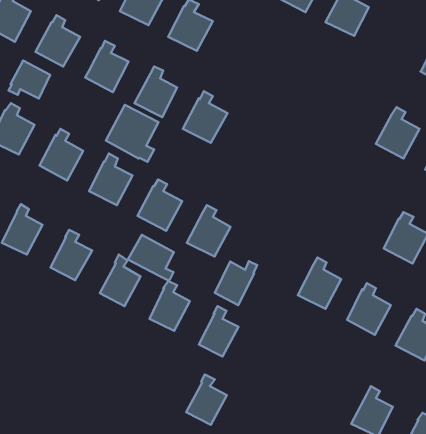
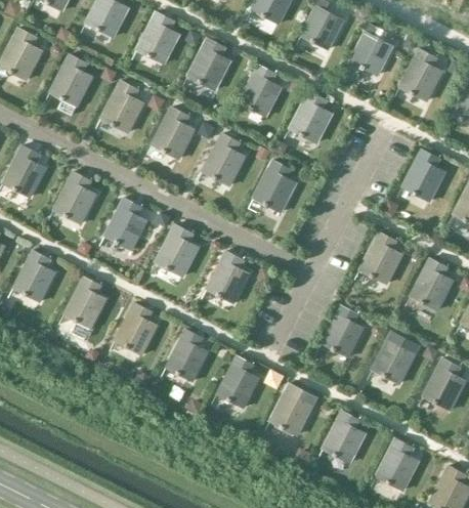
building: none -> [398,48,444,101]
building: none -> [238,64,284,117]
building: none -> [289,90,335,143]
building: [9,60,50,99] -> none
building: [106,105,159,162] -> none
building: none -> [252,160,298,213]
building: none -> [358,230,403,284]
building: [128,235,174,281] -> none
building: [215,261,257,305] -> none
building: none -> [324,410,366,462]
building: [186,374,227,425] -> [270,382,312,434]

